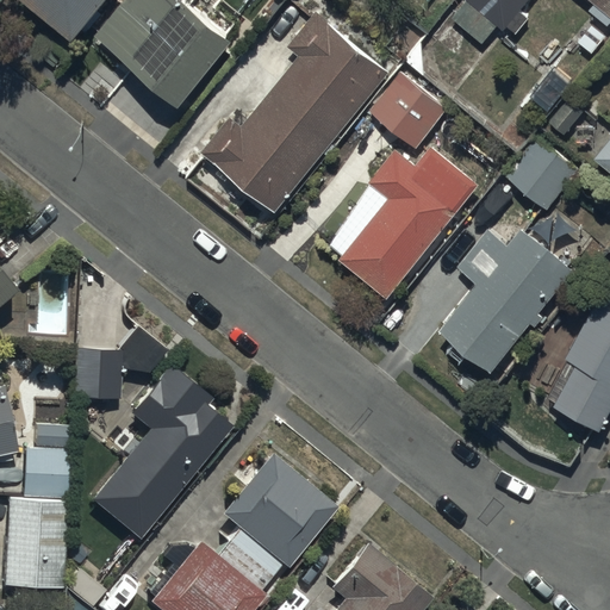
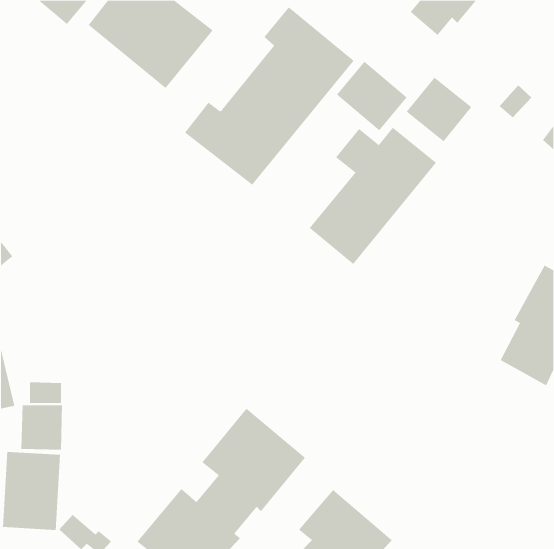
building: [506,139,579,211] -> [406,77,472,142]
building: [441,228,574,371] -> none
building: [71,328,164,403] -> none
building: [89,366,231,540] -> none

